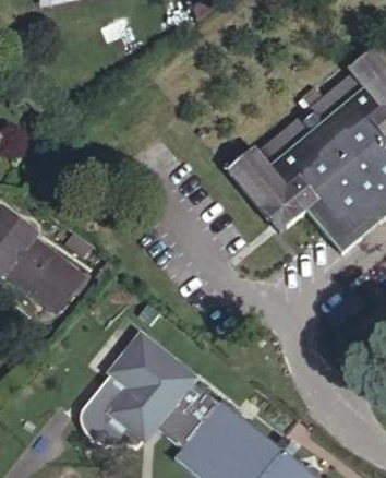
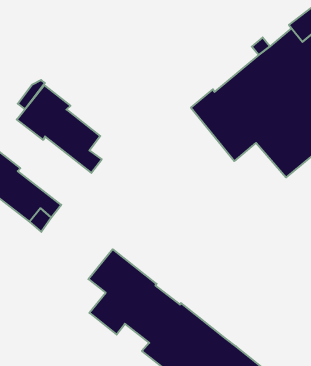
building: none -> [17,85,102,173]
building: [77,370,143,446] -> none

